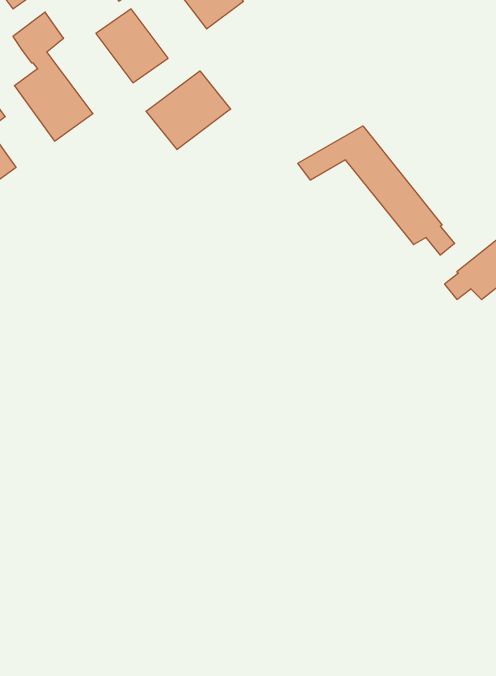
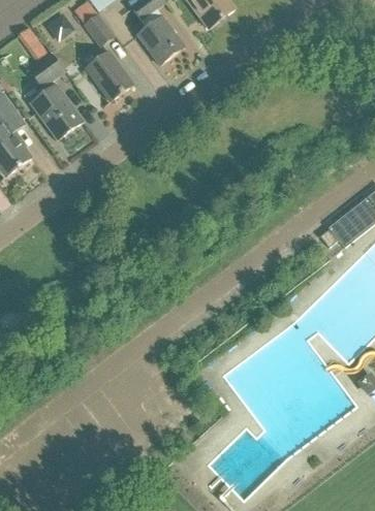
building: [146,71,231,150] -> none
building: [298,126,455,255] -> none

